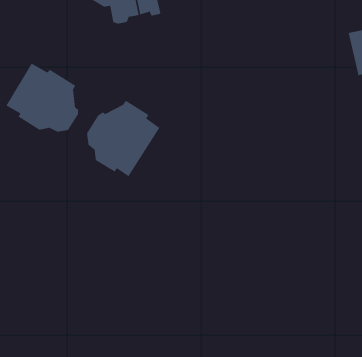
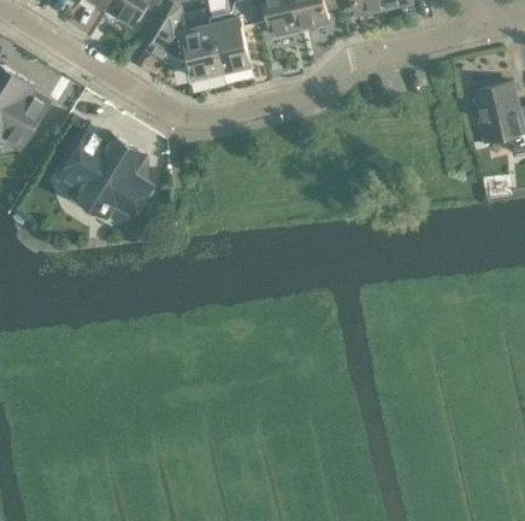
building: [87,100,160,177] -> none

